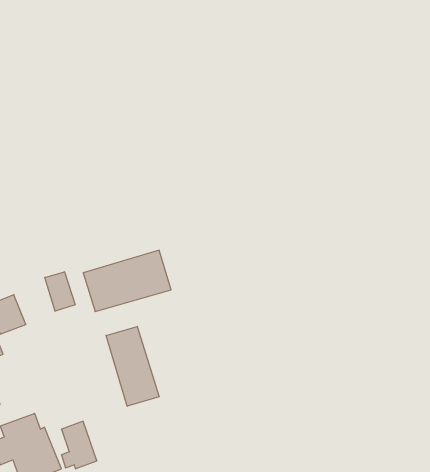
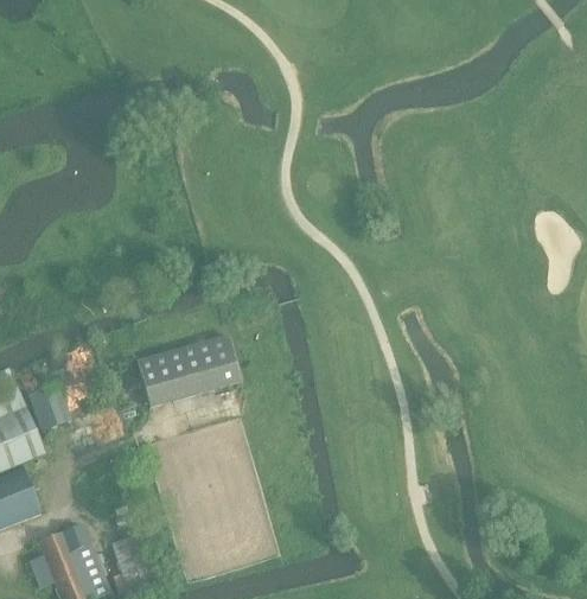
building: [45,272,75,311] -> none
building: [106,326,159,406] -> none

